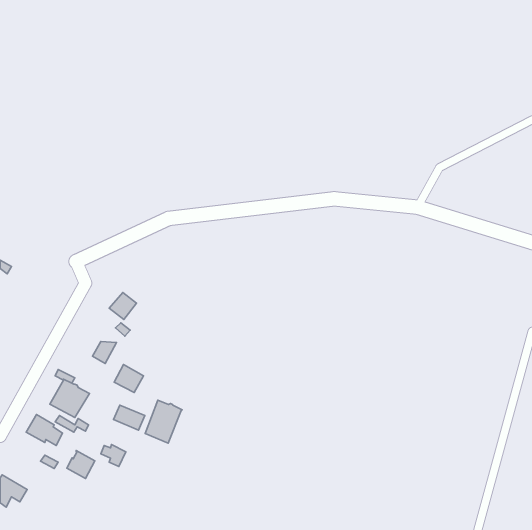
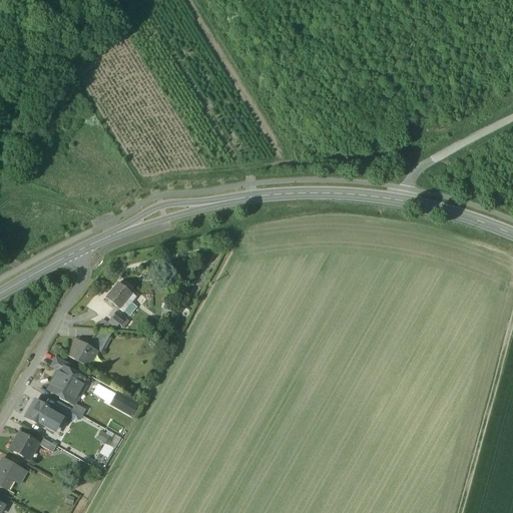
building: [114,364,143,393] -> [67,338,95,365]
building: [145,400,182,443] -> none
building: [67,451,95,479] -> [10,431,37,458]

